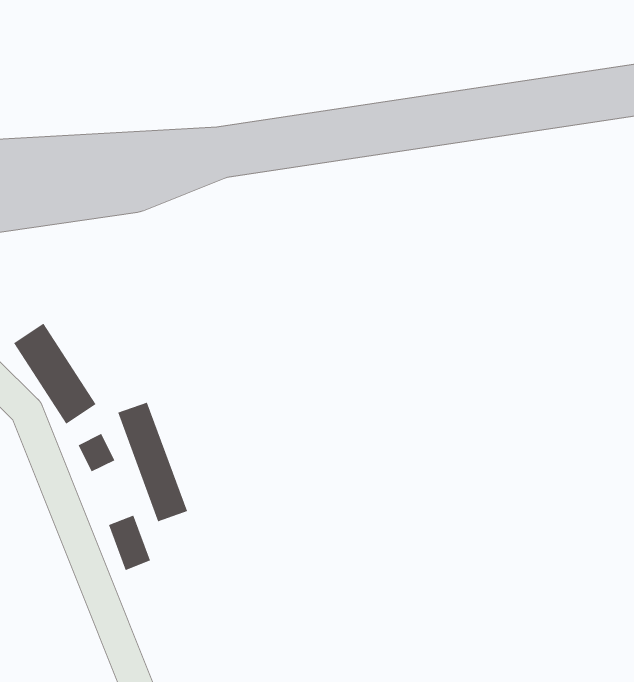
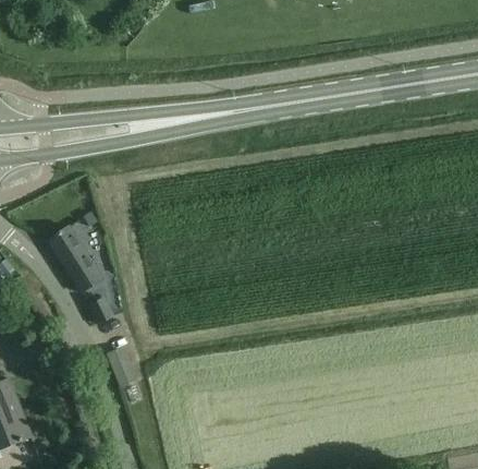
building: [117,402,188,522] -> none

